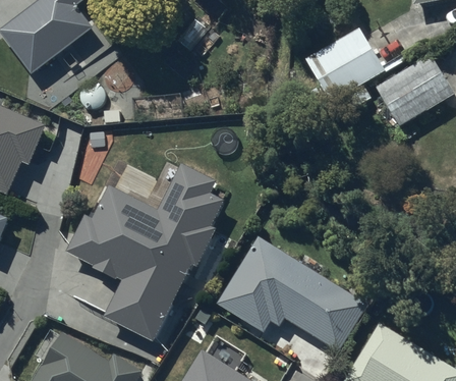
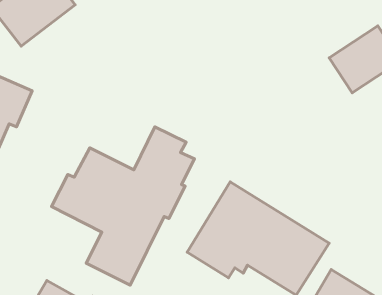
building: [304,29,383,103] -> none

